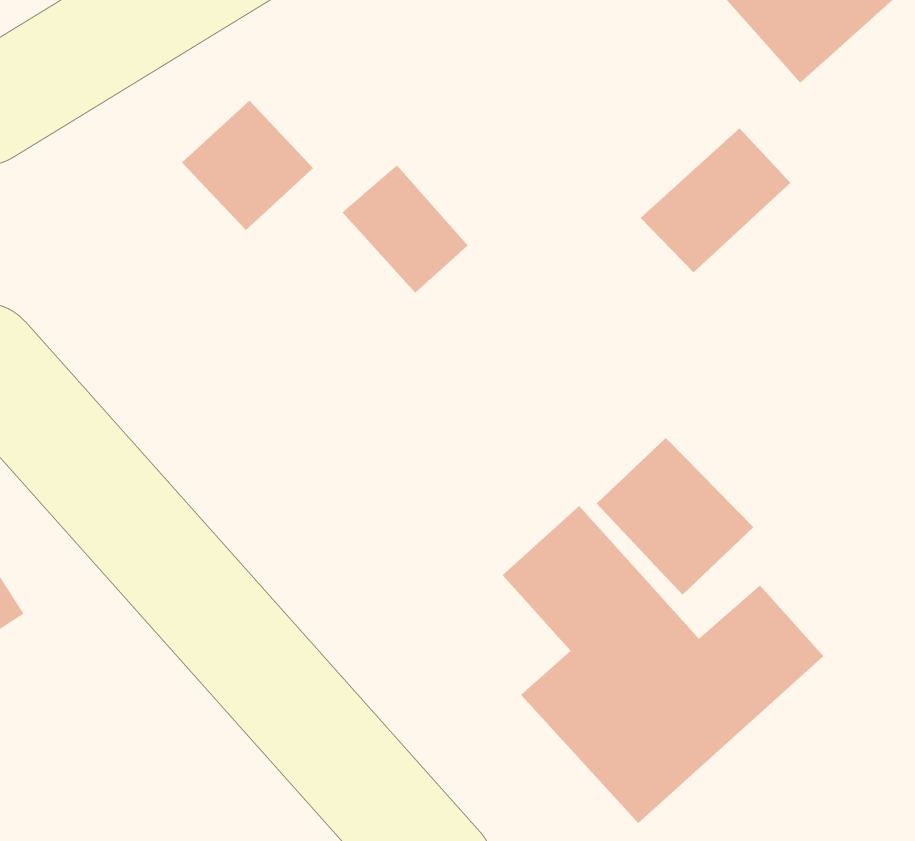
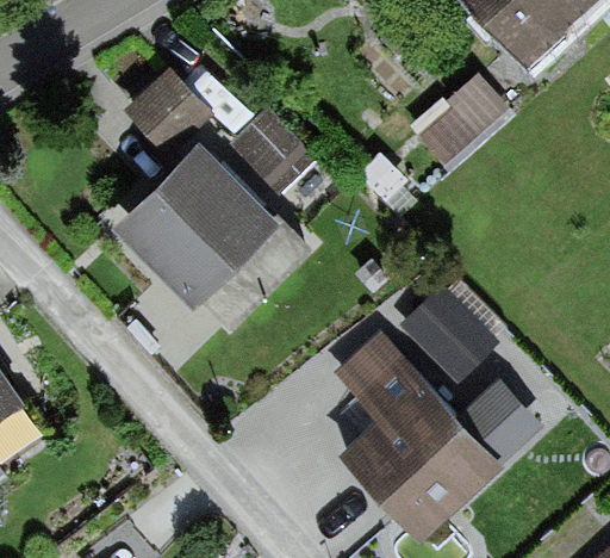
building: none -> [107,134,310,328]

